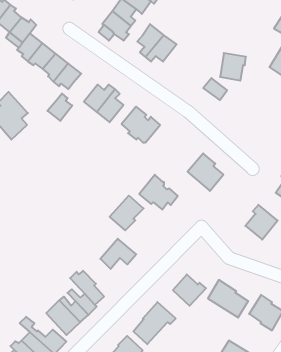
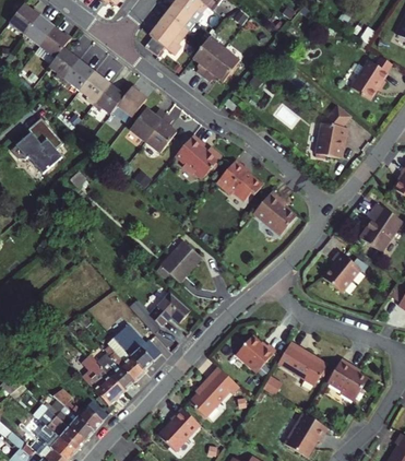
building: [220,53,246,81] -> [315,126,346,158]
building: [47,93,72,121] -> [118,84,147,117]
building: [139,175,178,210] -> [216,159,262,201]

